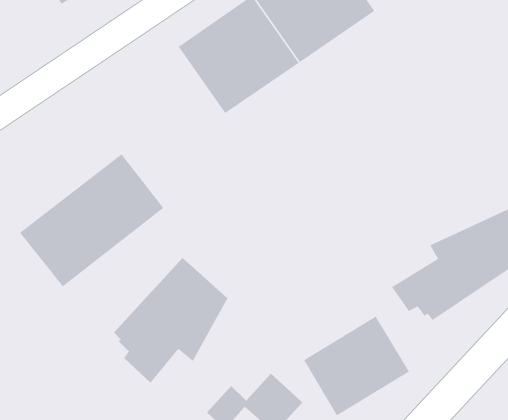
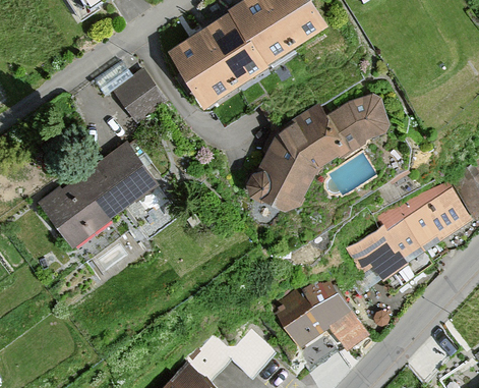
building: none -> [112,72,159,119]
building: none -> [244,97,385,210]
building: [113,257,228,383] -> none

